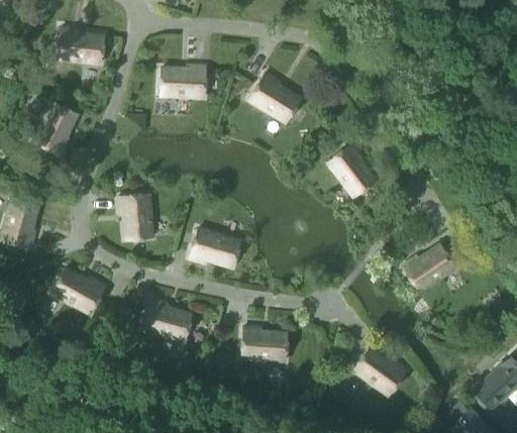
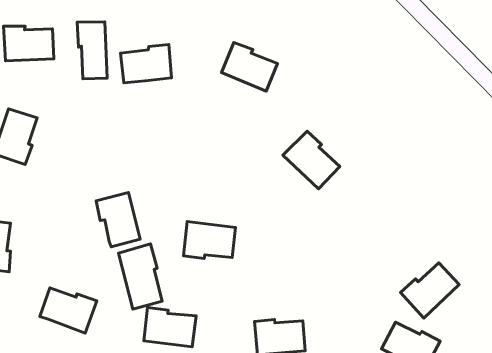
building: none -> [77,22,107,79]
building: [327,143,377,197] -> [283,131,340,189]
building: none -> [118,244,162,309]
building: [403,244,456,292] -> [401,263,459,318]

